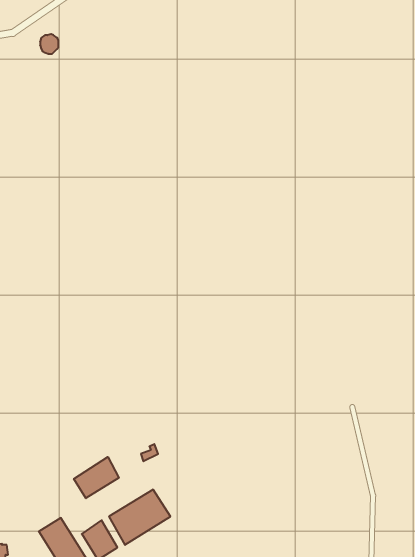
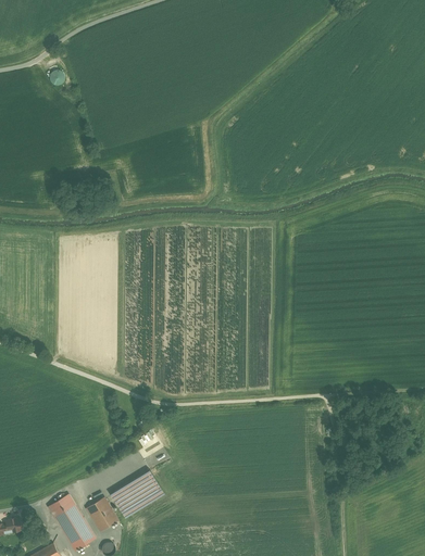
building: [74,457,119,498] -> none

